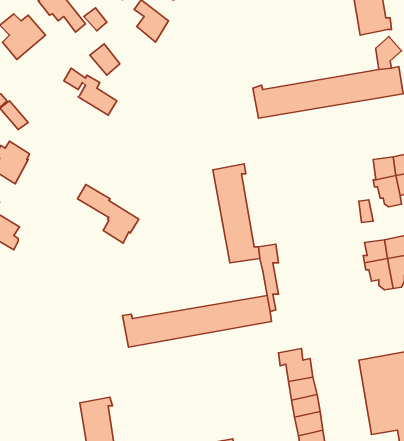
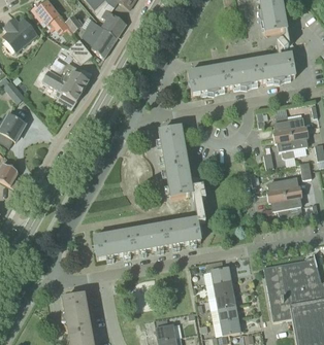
building: none -> [82,19,117,57]
building: [77,185,139,243] -> [38,66,83,108]

